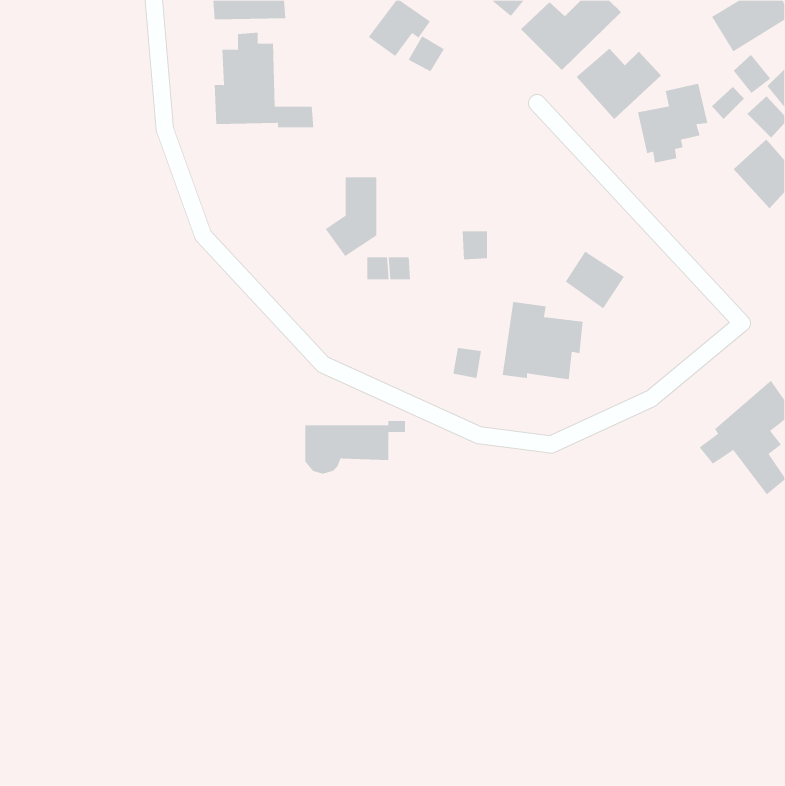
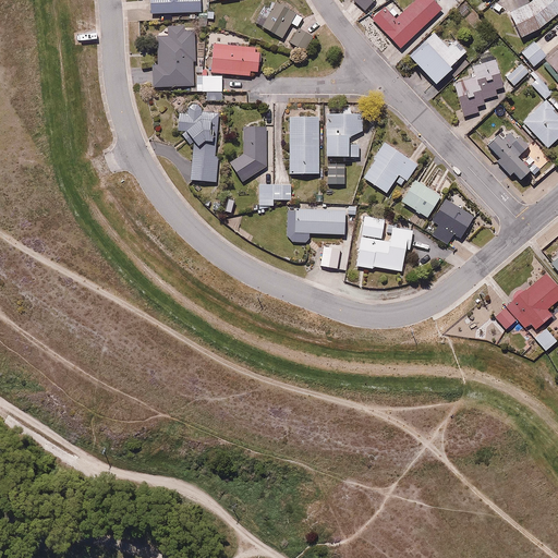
building: none -> [211,31,260,75]
building: none -> [178,102,219,182]
building: none -> [326,110,364,156]
building: none -> [290,116,319,174]
building: none -> [484,128,530,181]
building: none -> [361,140,420,194]
building: none -> [430,197,474,246]
building: [304,420,406,474] -> [287,205,359,243]

